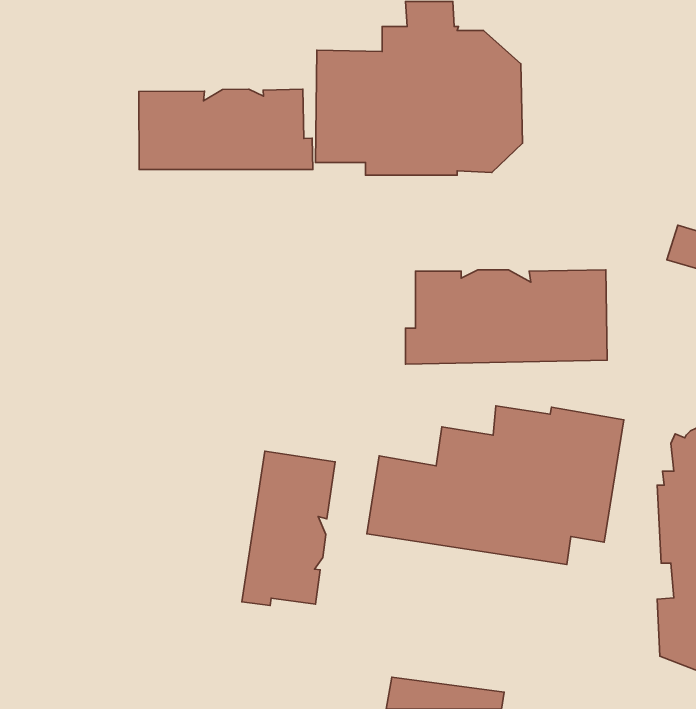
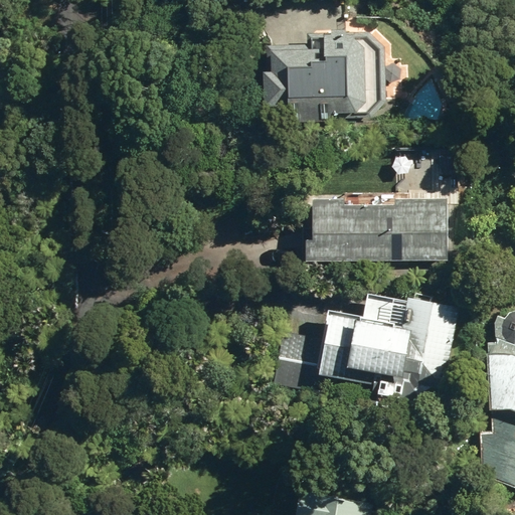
building: [139,89,313,169] -> none
building: [242,451,335,605] -> none

